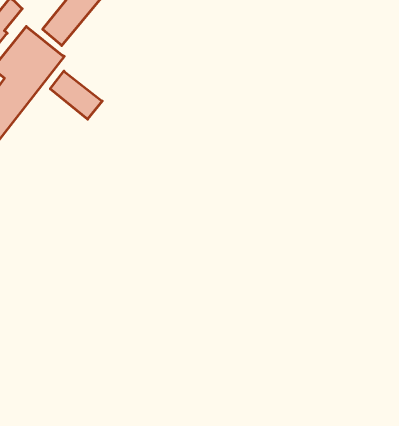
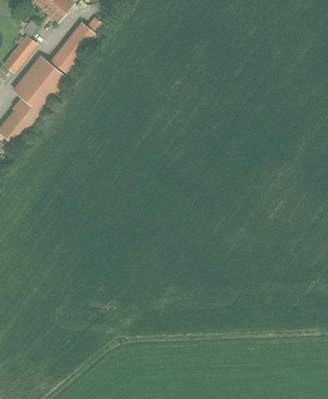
building: [50,71,102,119] -> none

